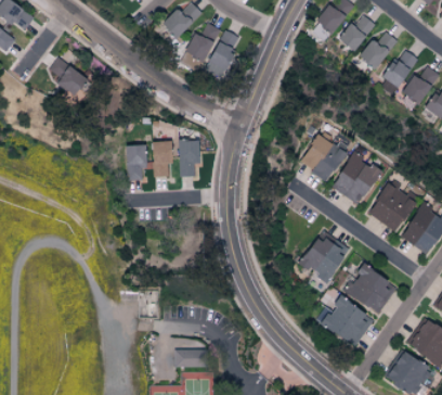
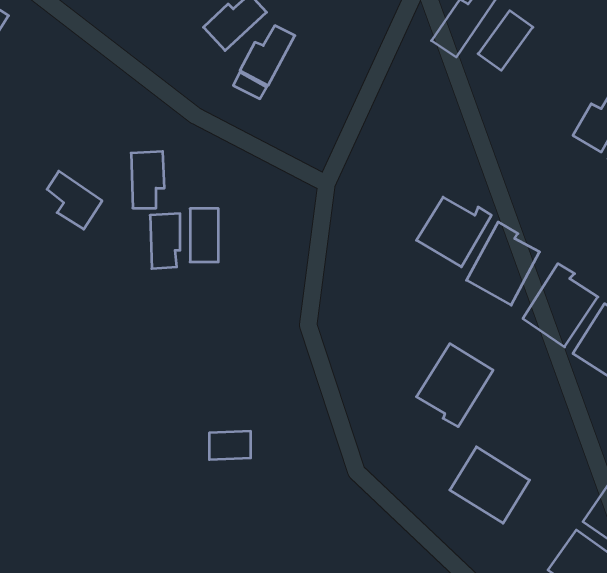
building: [207,29,239,78] -> none
building: [359,31,398,69] -> none
building: [379,51,418,94] -> none
building: [50,58,86,95] -> [47,171,102,229]
building: [179,140,200,177] -> [131,151,164,208]
building: [343,266,396,315] -> none
building: [176,349,203,368] -> [209,431,251,460]

